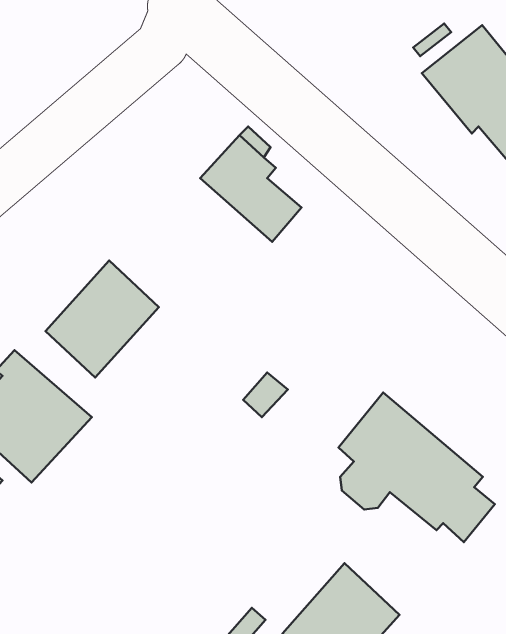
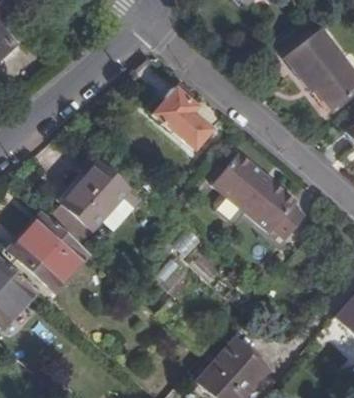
building: [338,393,495,542] -> [213,152,304,239]

